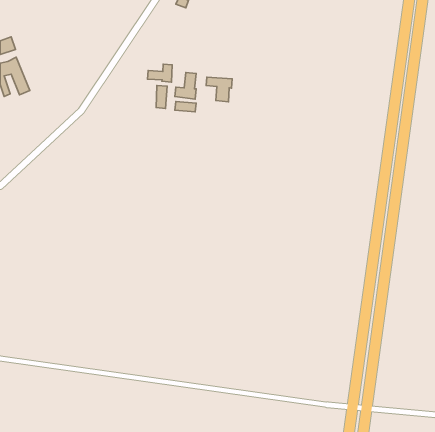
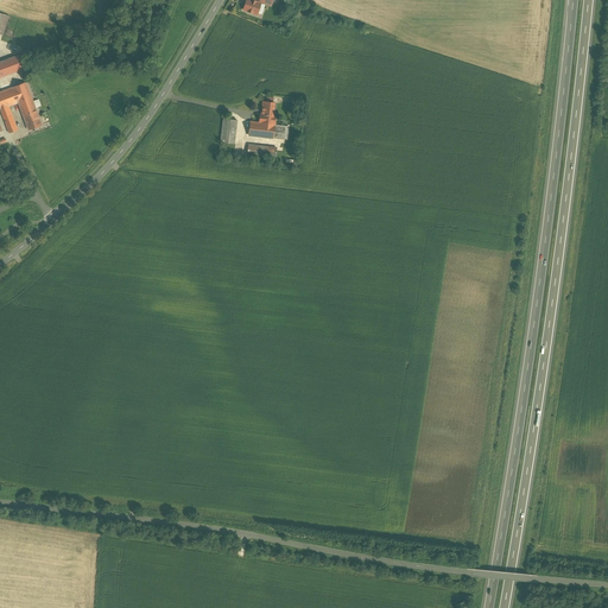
building: [147,64,172,82] -> none
building: [206,77,232,102] -> none

